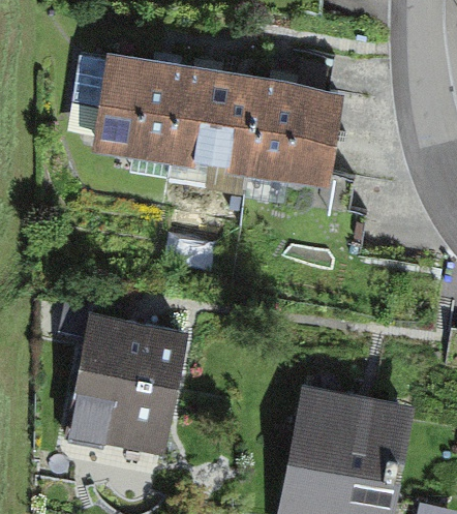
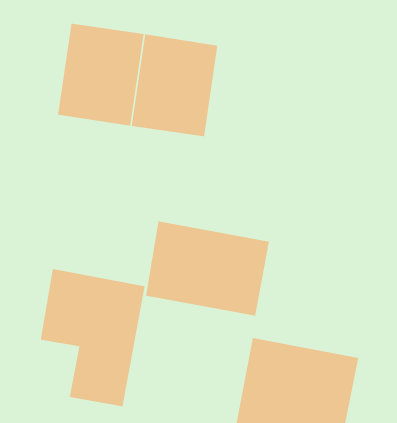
building: [250,78,343,188] -> none
building: none -> [145,221,270,316]

